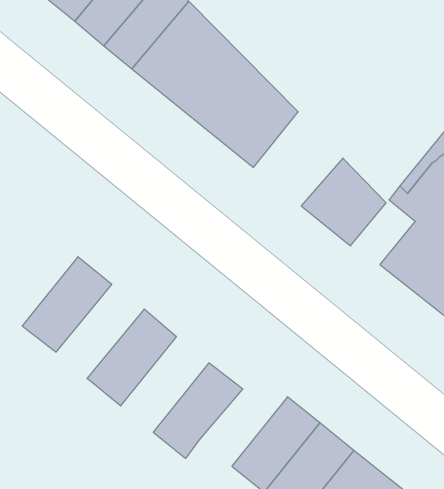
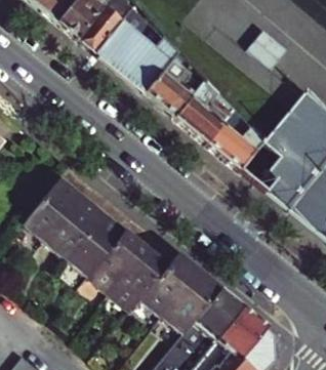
building: none -> [175,81,235,143]
building: none -> [44,196,103,258]
building: none -> [87,231,146,294]
building: none -> [139,254,198,317]

